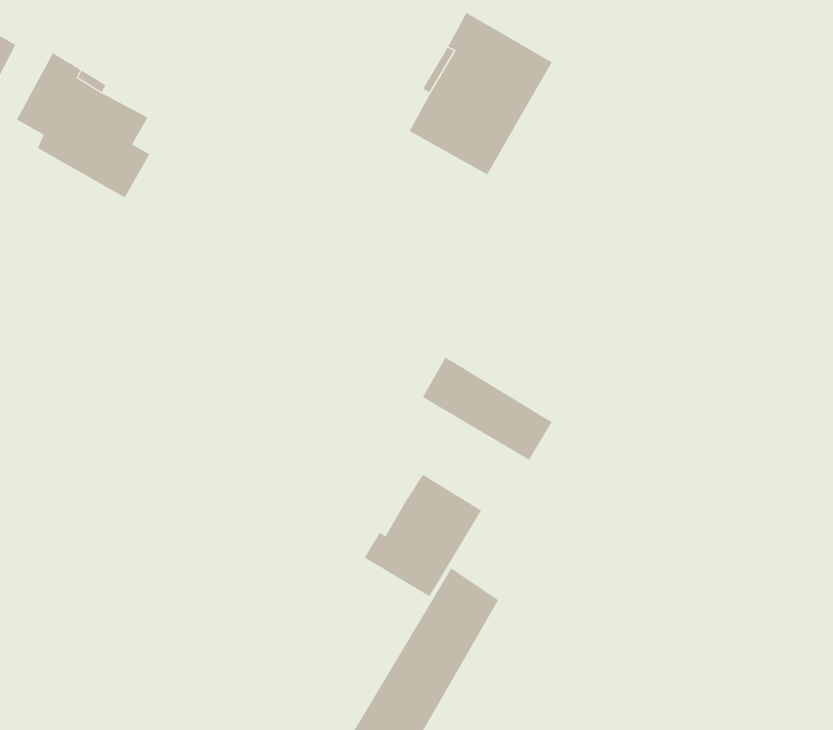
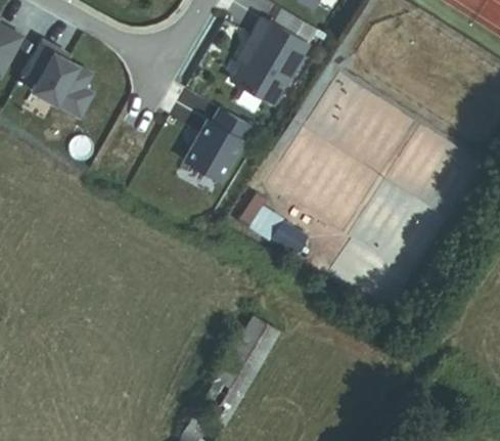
building: none -> [184,107,252,180]
building: [364,474,482,597] -> none

